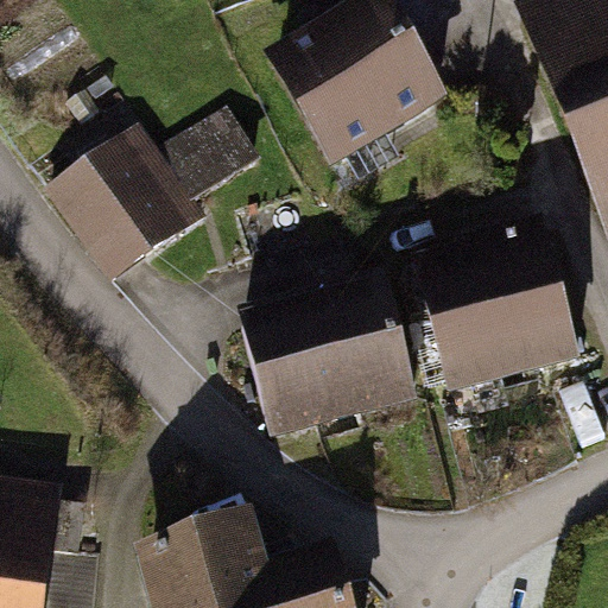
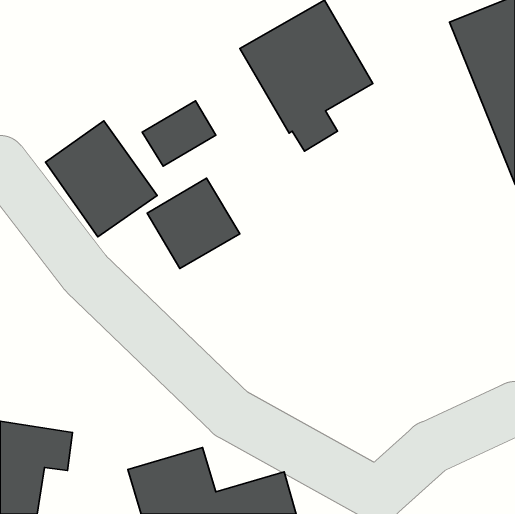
building: none -> [147,178,240,269]
building: [422,230,577,390] -> none
building: [243,293,414,436] -> none

